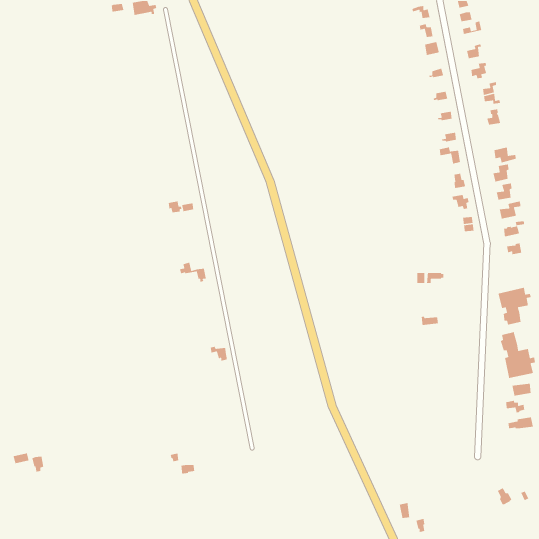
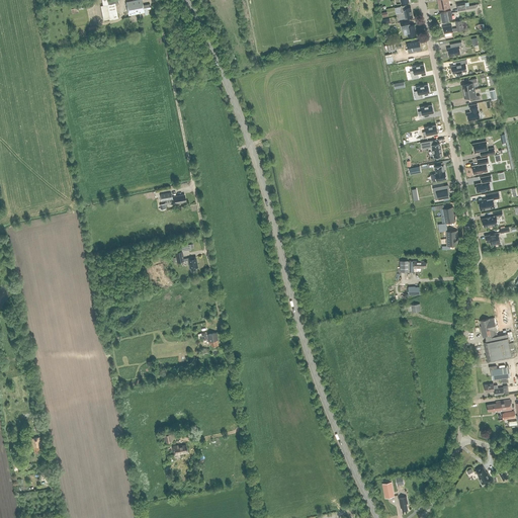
building: [498,287,532,325] -> none

